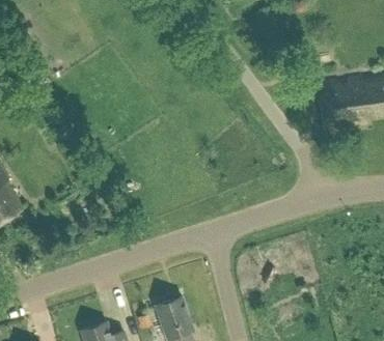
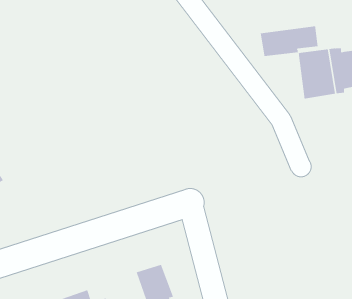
building: none -> [260,25,318,57]

